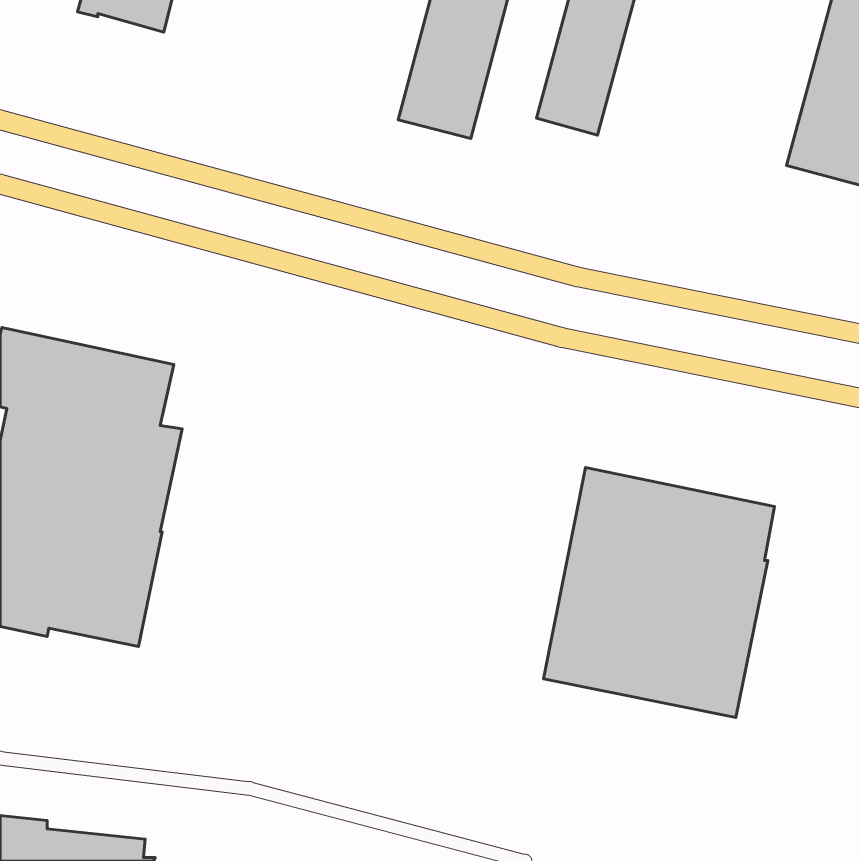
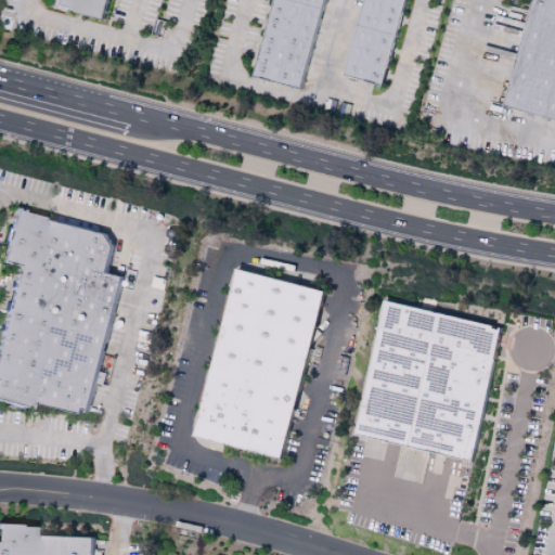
building: none -> [192,268,317,457]

